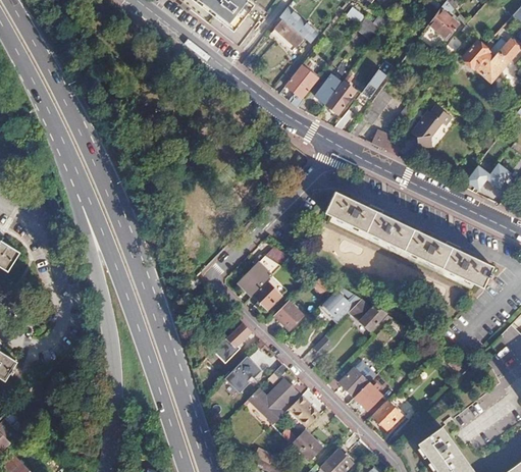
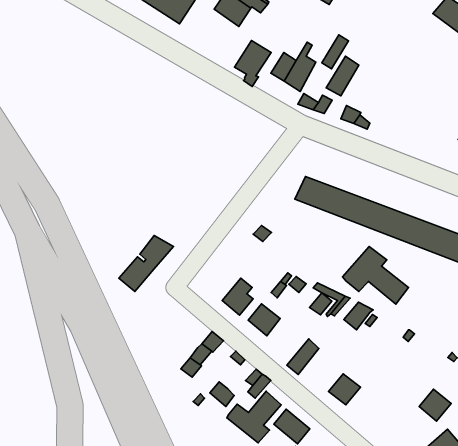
building: [410,107,450,150] -> none
building: [240,247,291,295] -> [119,236,174,292]
building: none -> [343,246,408,304]
building: [354,382,381,410] -> none
building: [372,401,401,429] -> [419,389,451,421]

